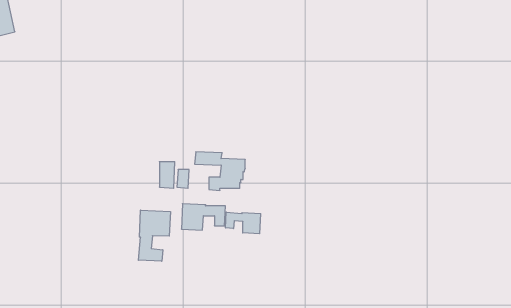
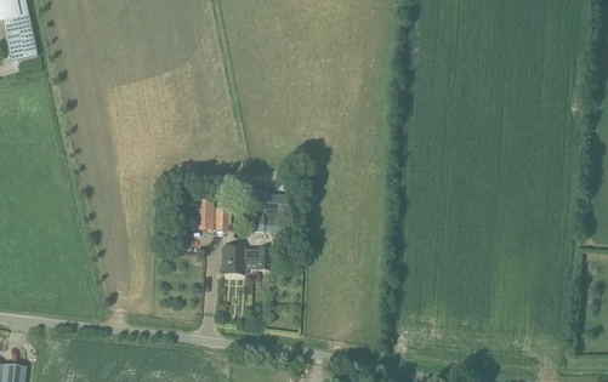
building: [138,210,170,261] -> none
building: [226,212,261,234] -> none

